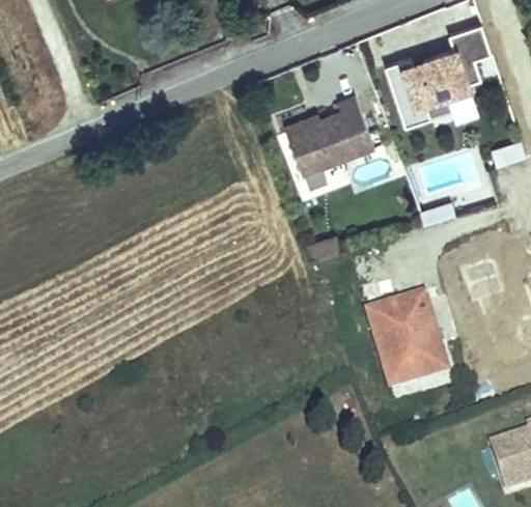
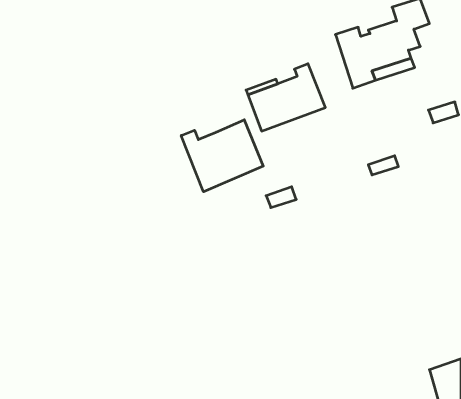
building: none -> [181,120,263,192]
building: [368,299,447,391] -> none

